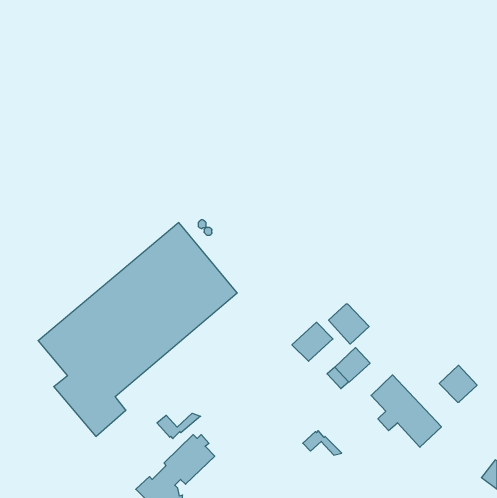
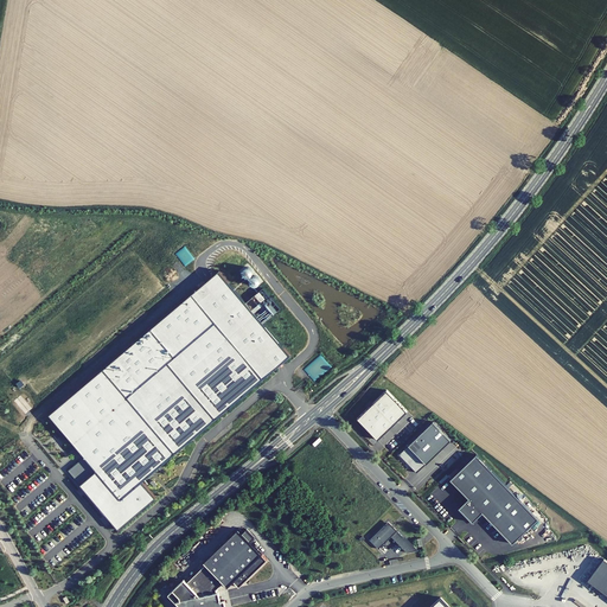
building: [329,304,369,344] -> none
building: [439,365,477,402] -> none
building: [157,413,201,439] -> none

